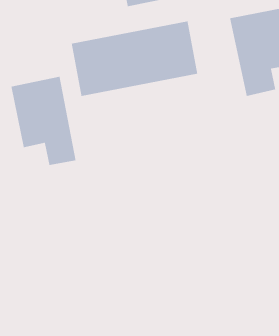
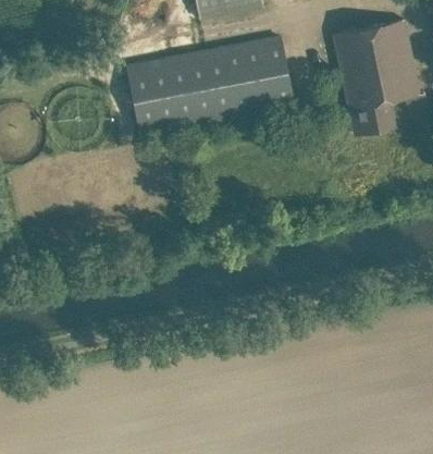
building: [11,76,77,166] -> none

